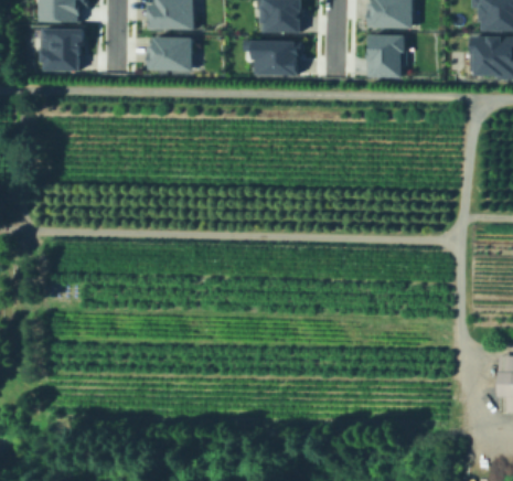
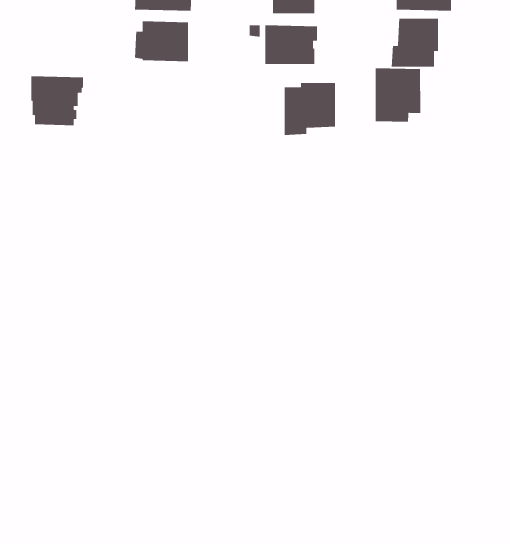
building: [40,28,85,71] -> [30,75,84,126]
building: none -> [375,67,421,122]
building: none -> [284,82,336,136]

